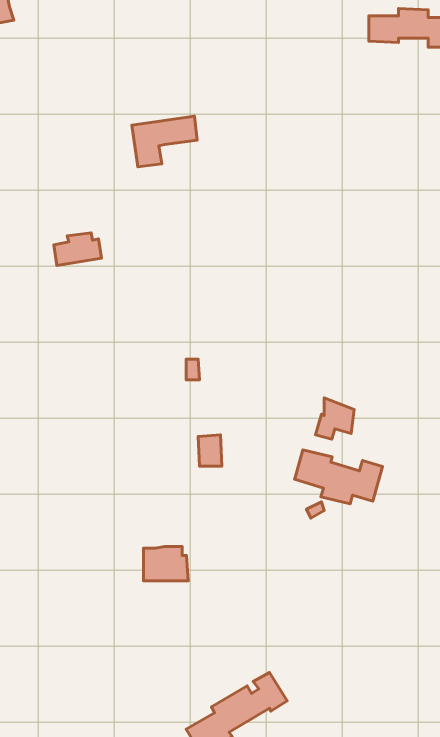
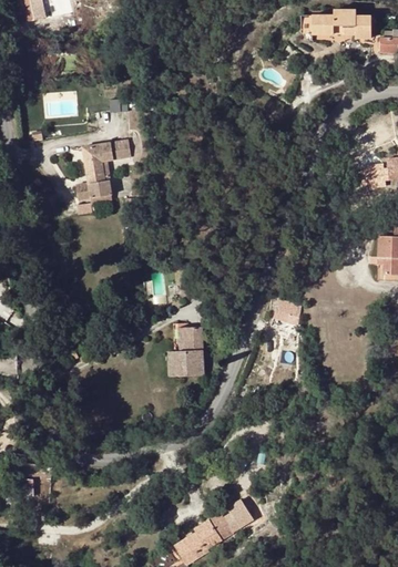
building: [132,116,197,167] -> [81,141,130,178]
building: [295,450,383,504] -> none
building: [144,547,188,581] -> [169,350,202,375]

